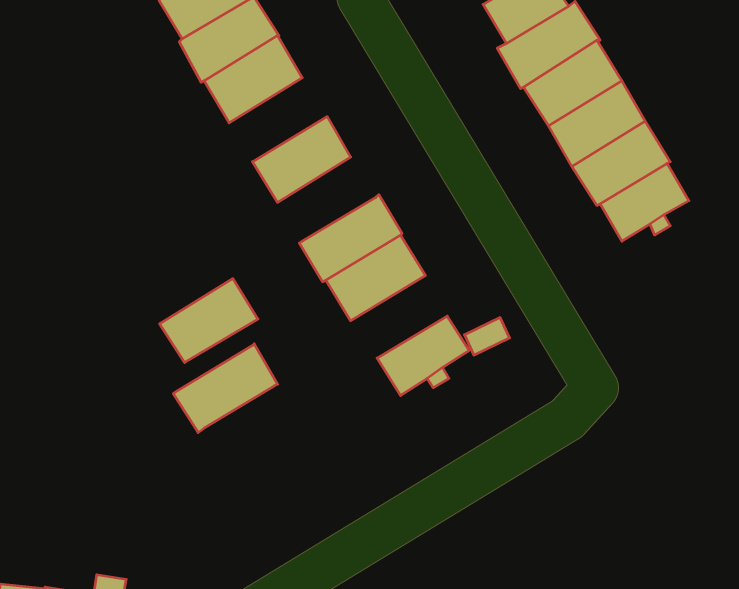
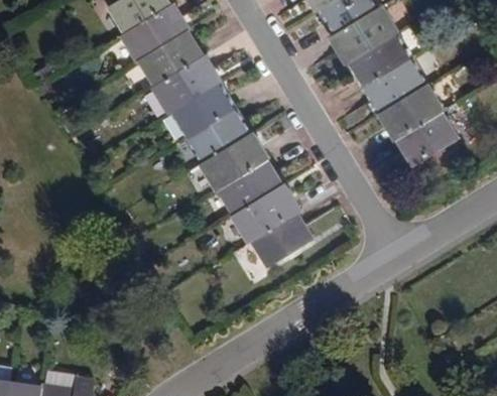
building: none -> [155,56,221,113]
building: [160,279,258,363] -> [188,109,251,163]
building: [173,344,278,433] -> [232,184,299,242]

